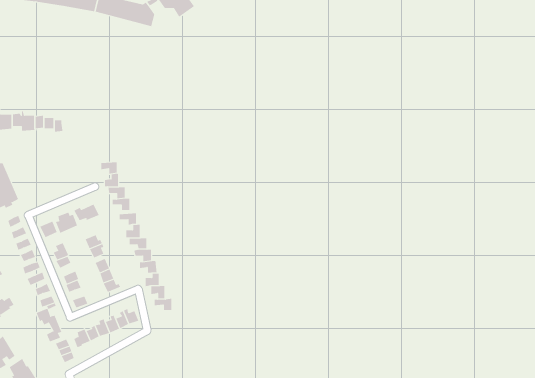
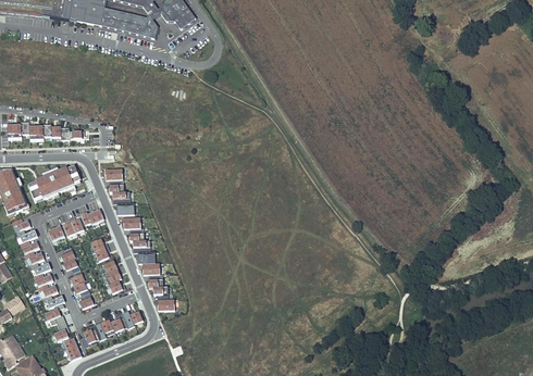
building: none -> [28,163,79,198]

